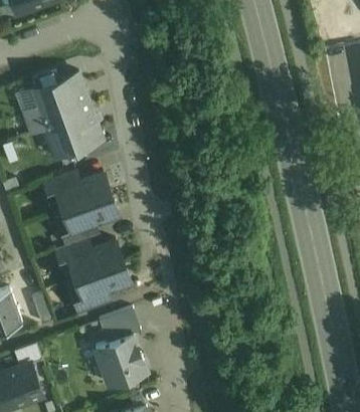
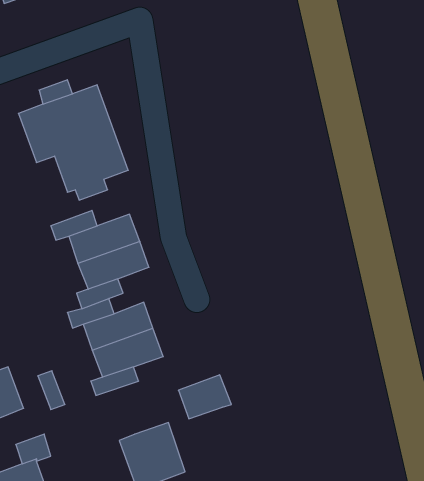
building: [100,310,141,344] -> [178,375,231,419]

